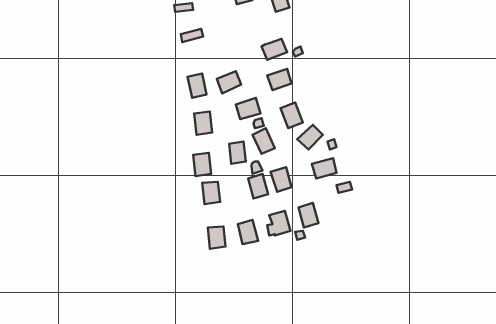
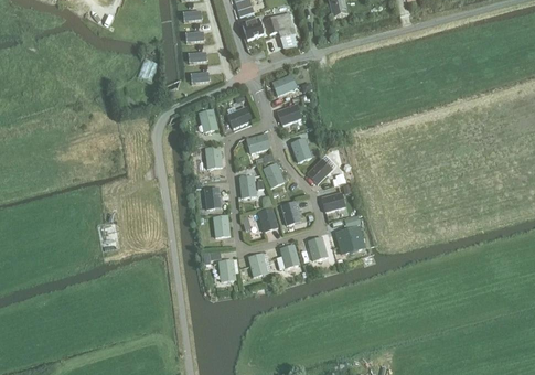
building: none -> [336,227,363,253]

